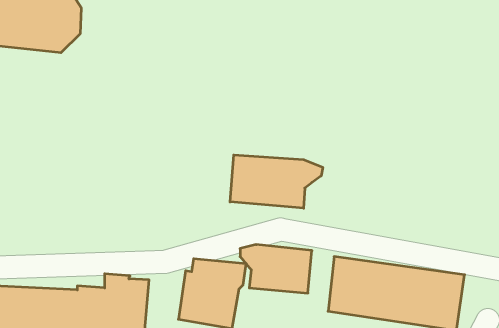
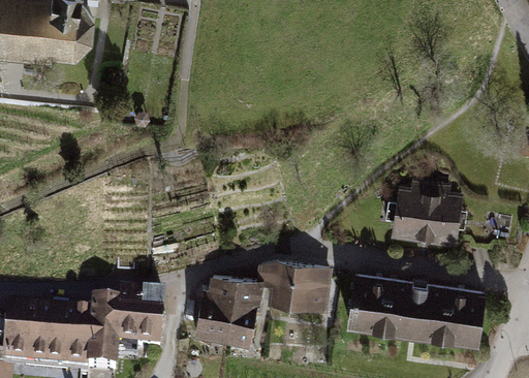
building: [230,155,323,208] -> none
building: none -> [390,178,462,247]

